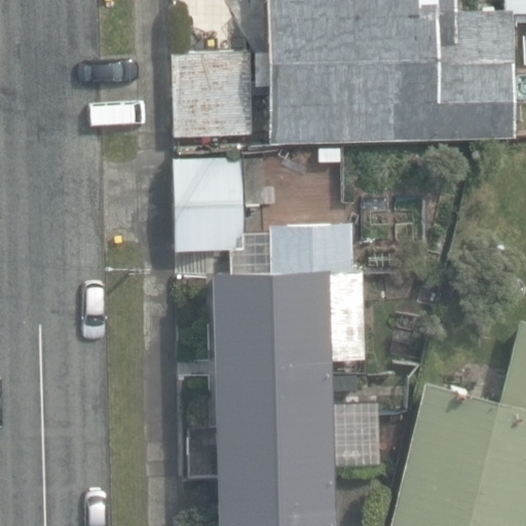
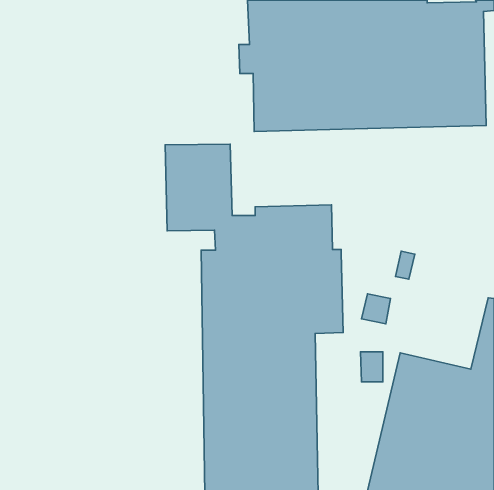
building: [172,50,253,137] -> none

